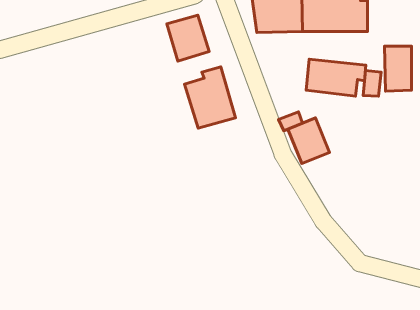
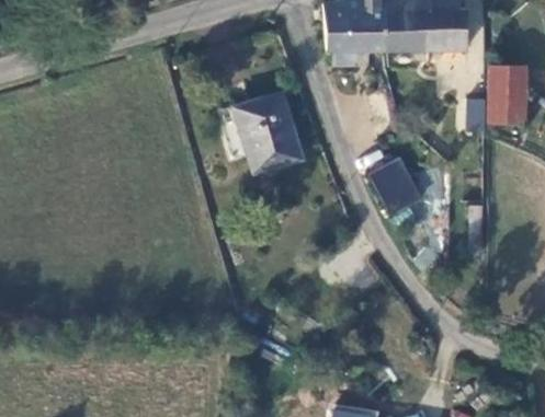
building: [167,15,209,61] -> none
building: [306,59,366,96] -> none

